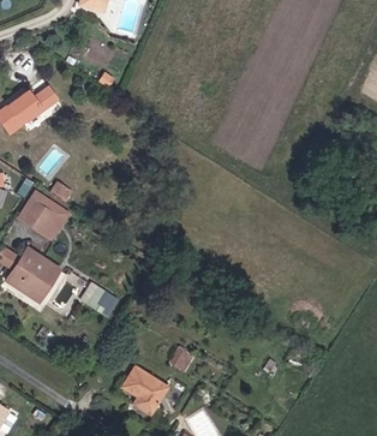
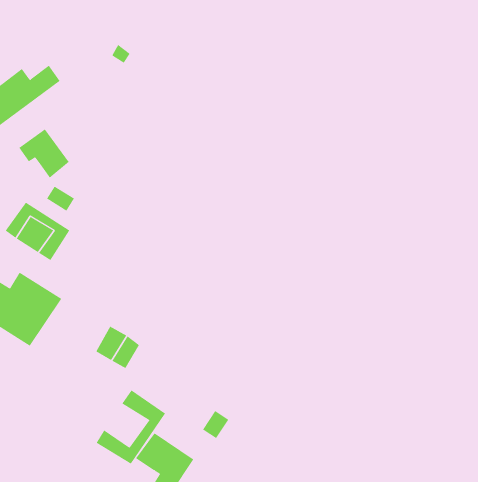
building: none -> [19,129,70,178]
building: none -> [96,389,166,464]

